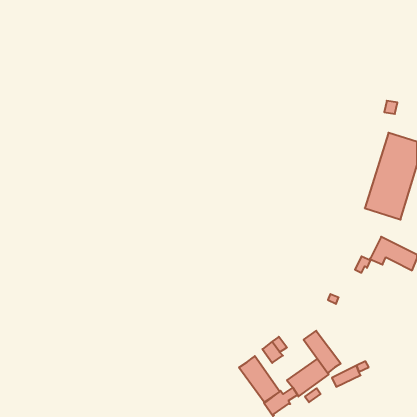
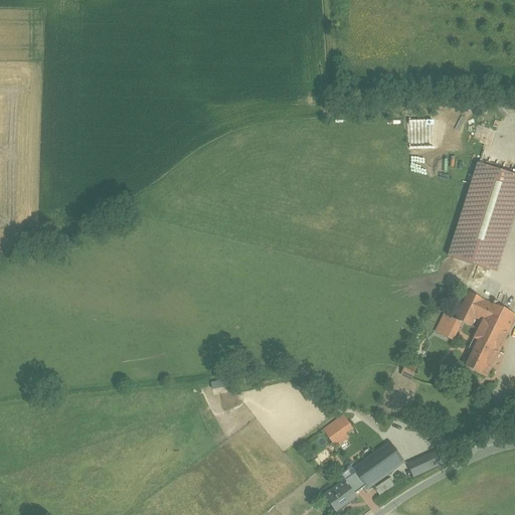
building: none -> [467,320,507,375]
building: [304,331,341,373] -> none
building: [239,356,280,402] -> none

